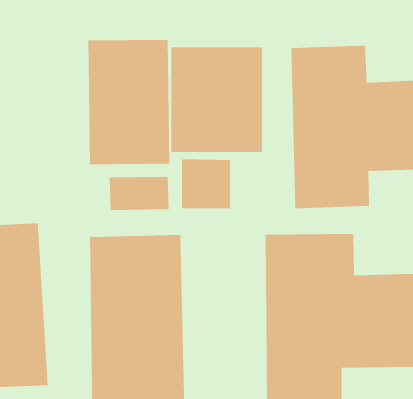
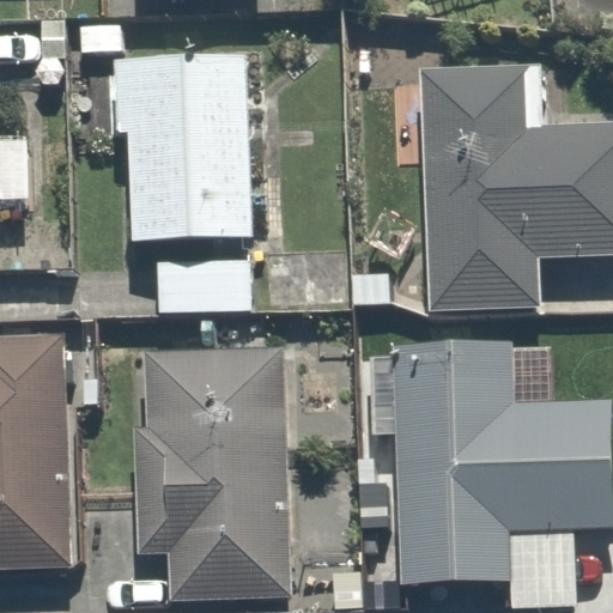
building: [171,47,262,153] -> none

